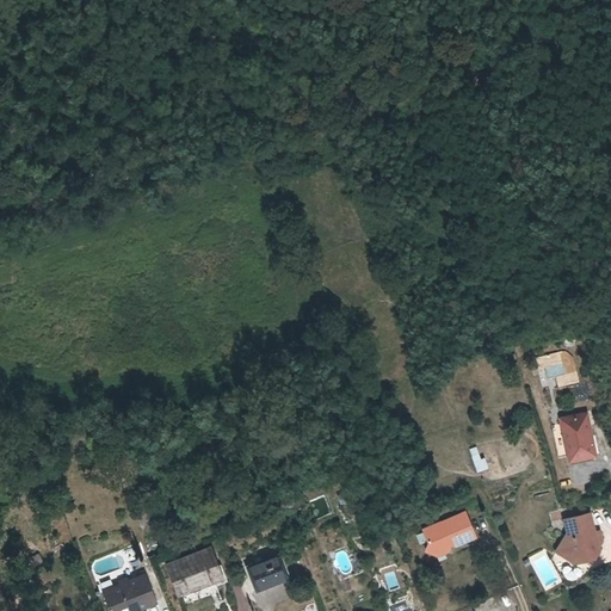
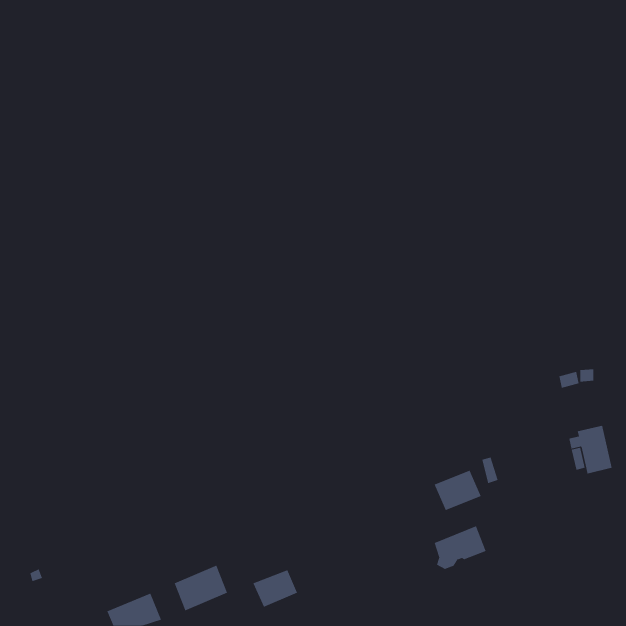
building: none -> [434,470,481,511]
building: [558,513,604,561] -> none

